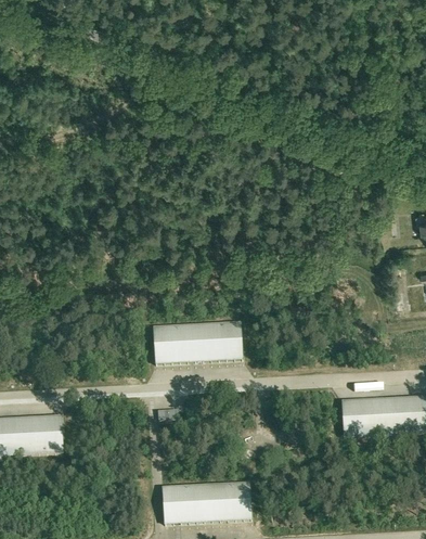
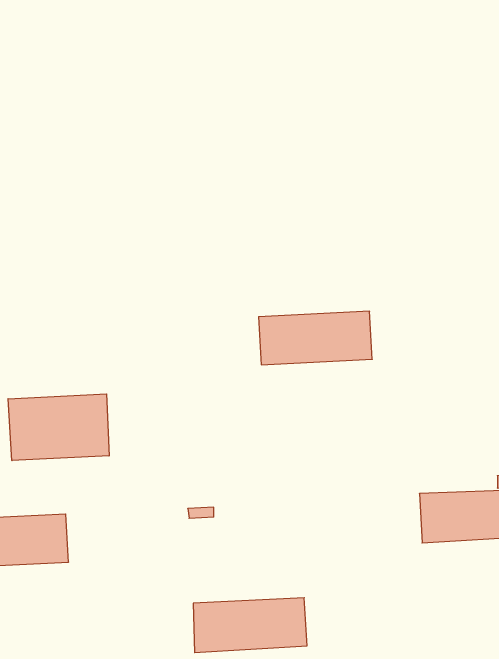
building: none -> [8,394,109,461]
building: [153,321,243,363] -> [259,311,372,365]

